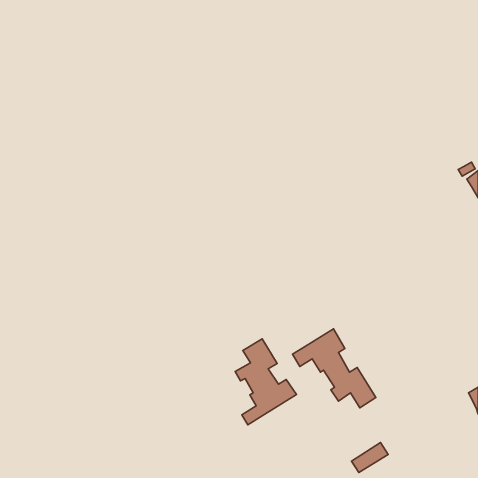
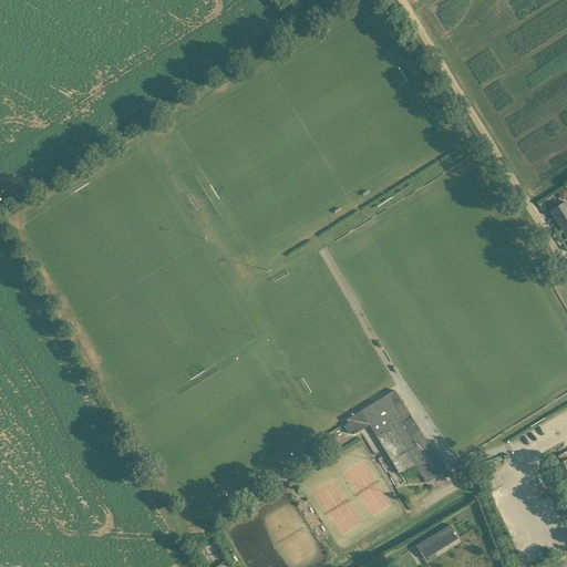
building: [235,339,297,425] -> none

